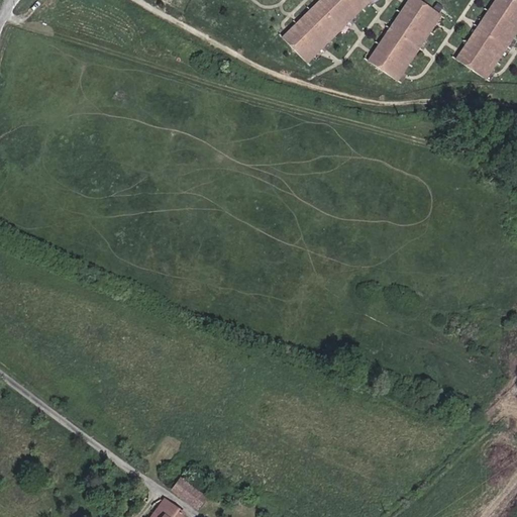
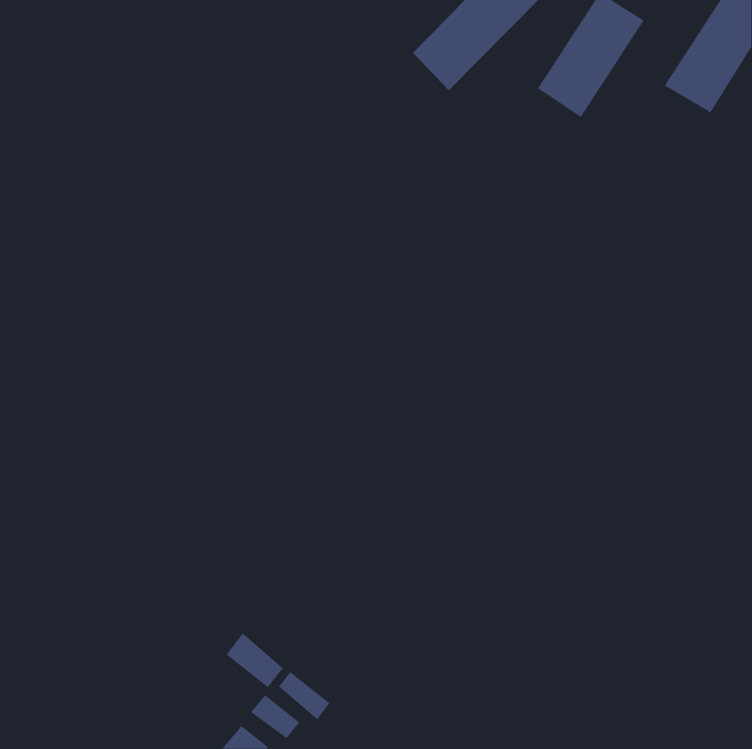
building: none -> [226,632,283,688]
building: none -> [278,671,330,720]

